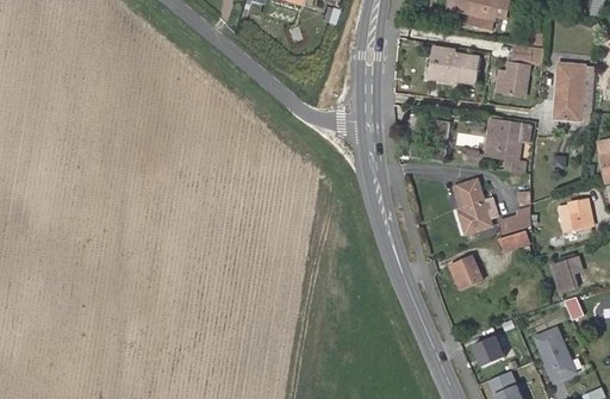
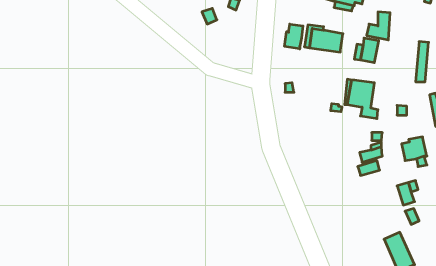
building: none -> [285,24,303,49]
building: [553,64,583,123] -> none
building: [456,180,491,233] -> none
building: [450,256,481,287] -> none
building: [474,335,505,366] -> none

